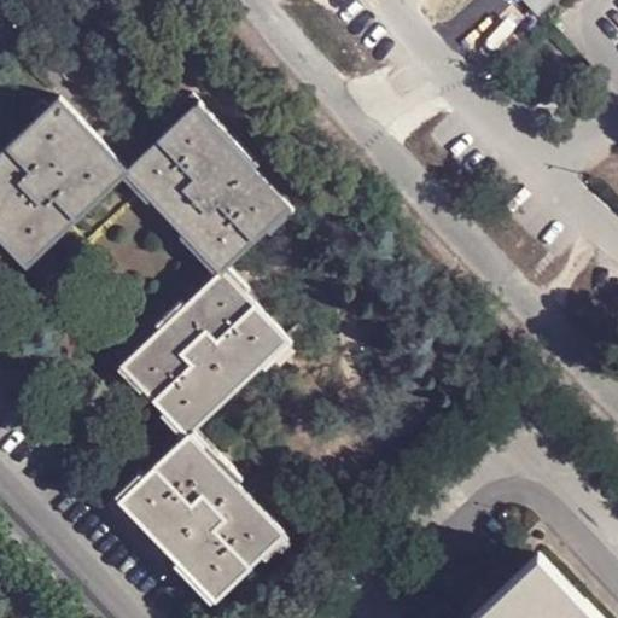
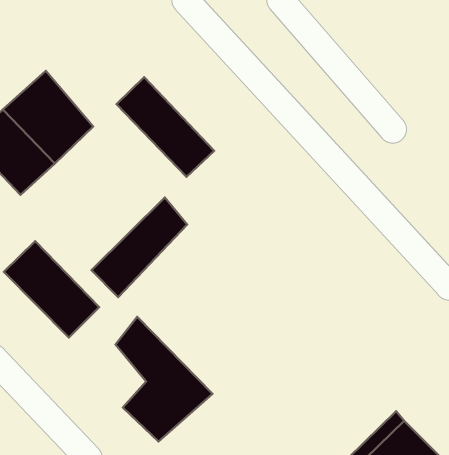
building: [126,145,251,270] -> none
building: [159,307,287,431] -> none
building: none -> [4,241,99,338]
building: [119,468,197,553] -> none

